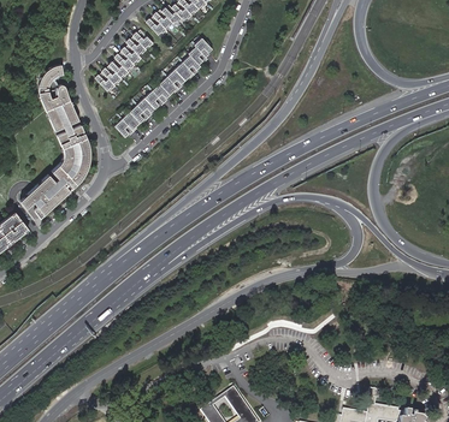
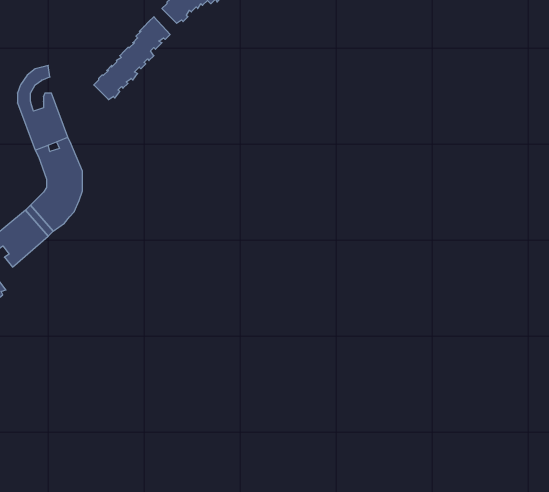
building: [113,36,211,136] -> none

